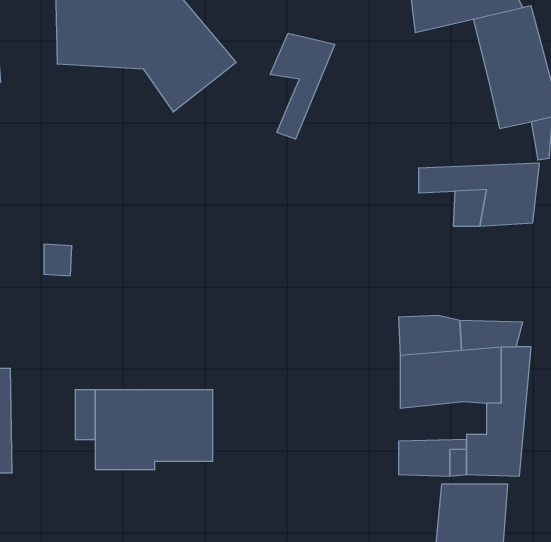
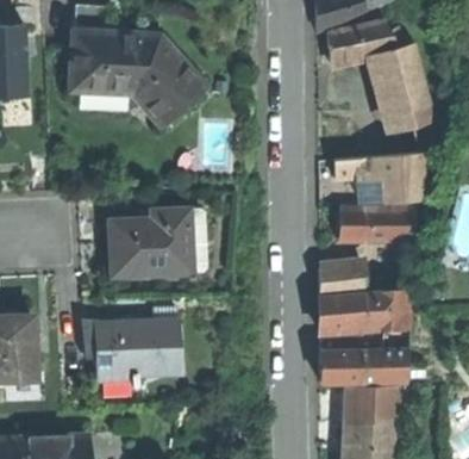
building: [270,33,335,139] -> none
building: none -> [338,206,414,243]
building: none -> [117,209,199,271]

